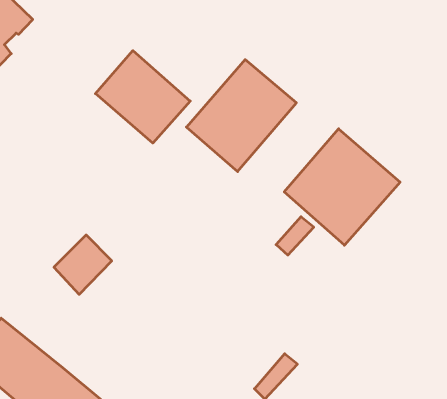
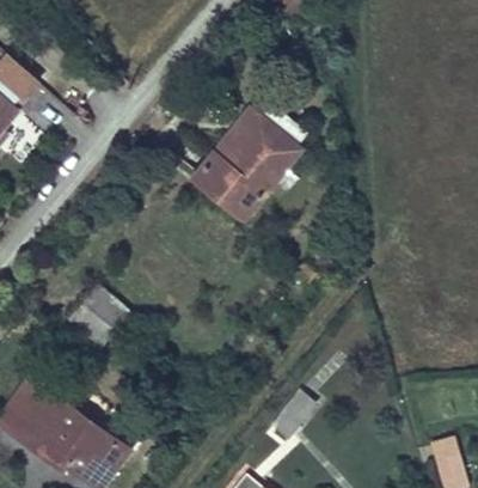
building: [95,51,190,143] -> none
building: [284,129,400,245] -> none

